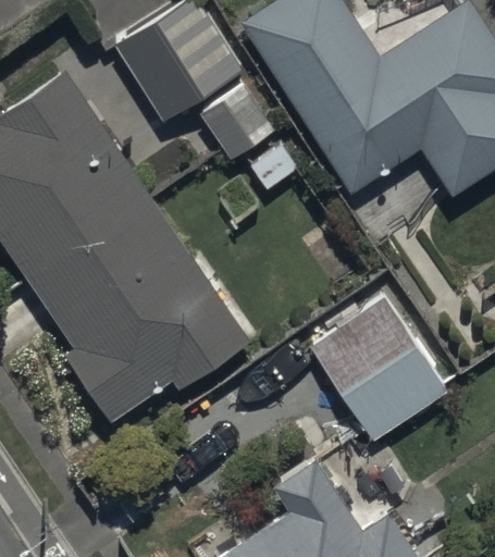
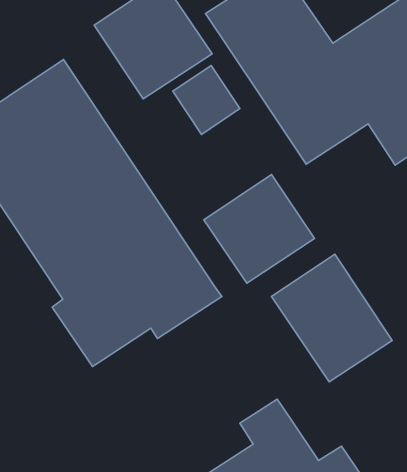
building: none -> [204,174,314,283]

